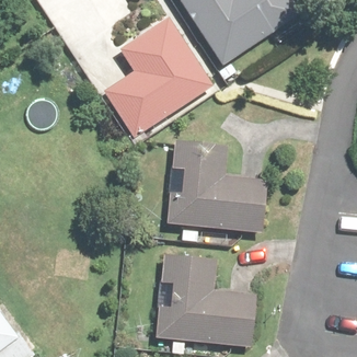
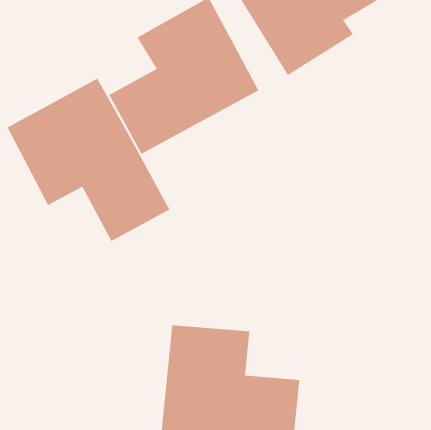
building: none -> [7,78,170,242]
building: [150,154,250,232] -> none

